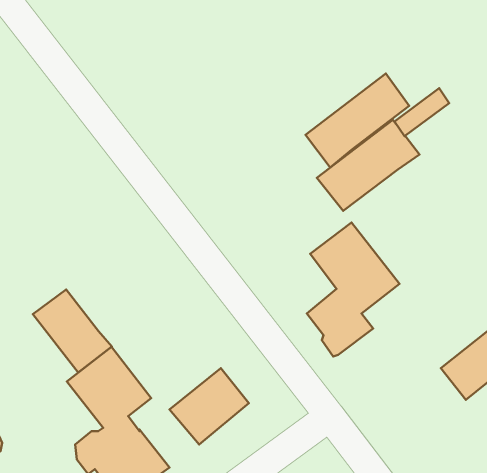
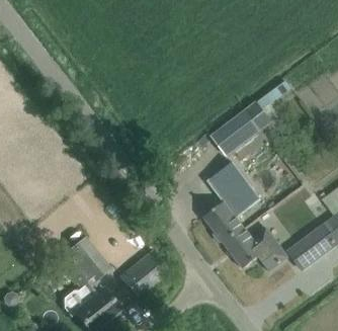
building: [305,74,409,167] -> none
building: [33,290,112,373] -> none
building: none -> [224,227,288,271]

